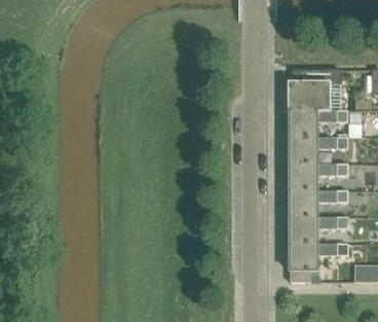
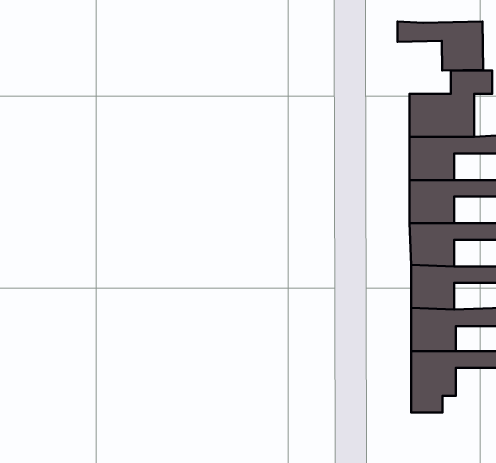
building: none -> [397,22,483,71]

